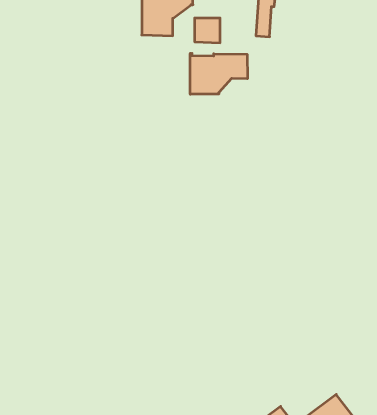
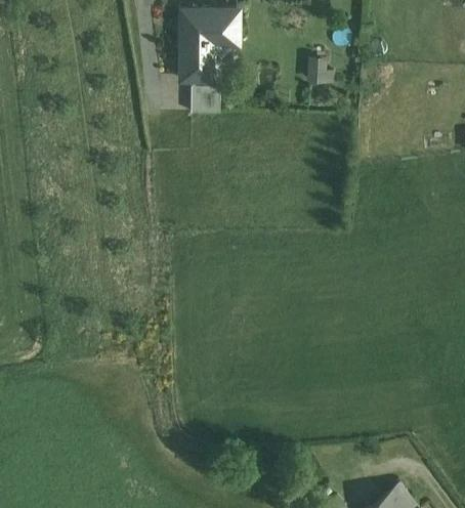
building: [195,18,220,43] -> [189,86,218,114]
building: [190,53,247,94] -> none

